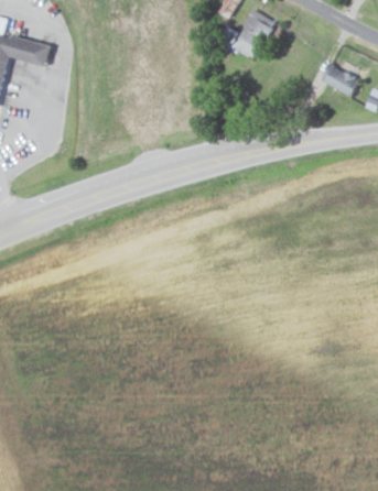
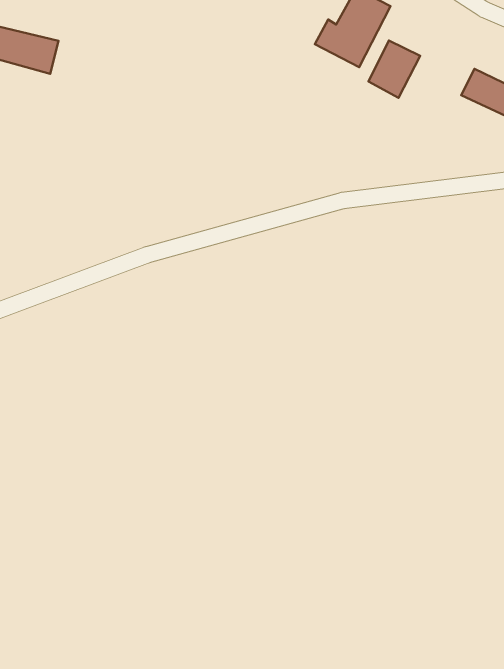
building: none -> [368,40,420,98]

